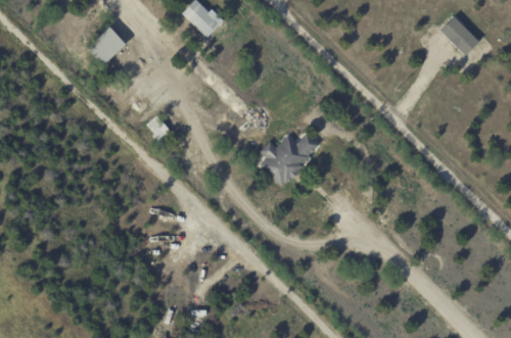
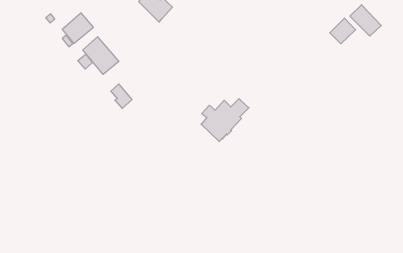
building: none -> [330,18,356,44]
building: none -> [83,37,119,74]

